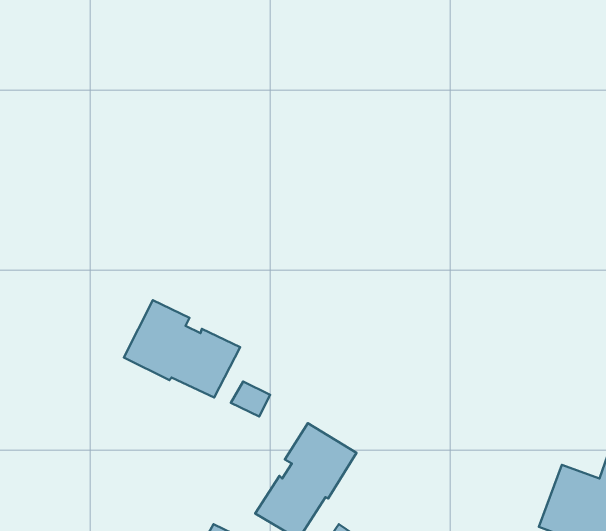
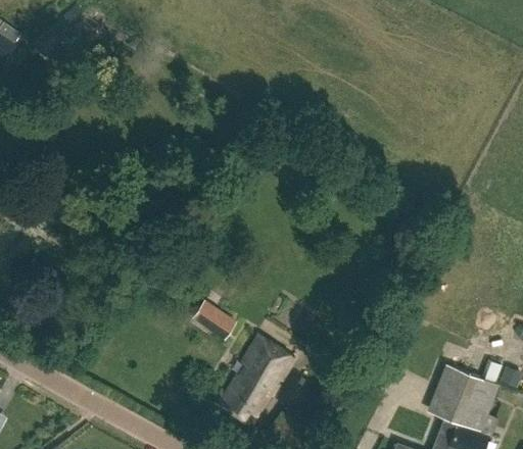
building: [124,300,240,397] -> none

